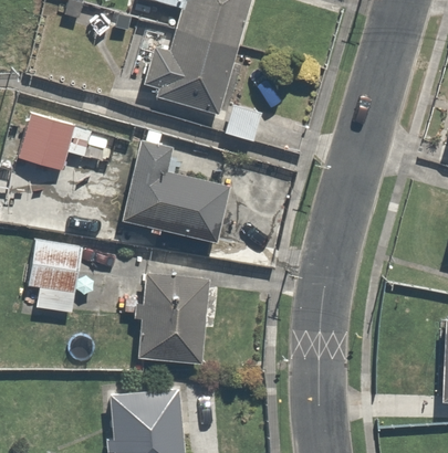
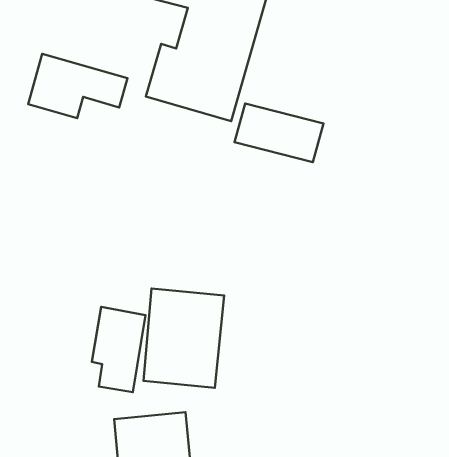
building: [18,113,112,173] -> [28,54,127,118]
building: [122,141,230,245] -> none
building: [30,233,81,314] -> [92,307,146,392]

